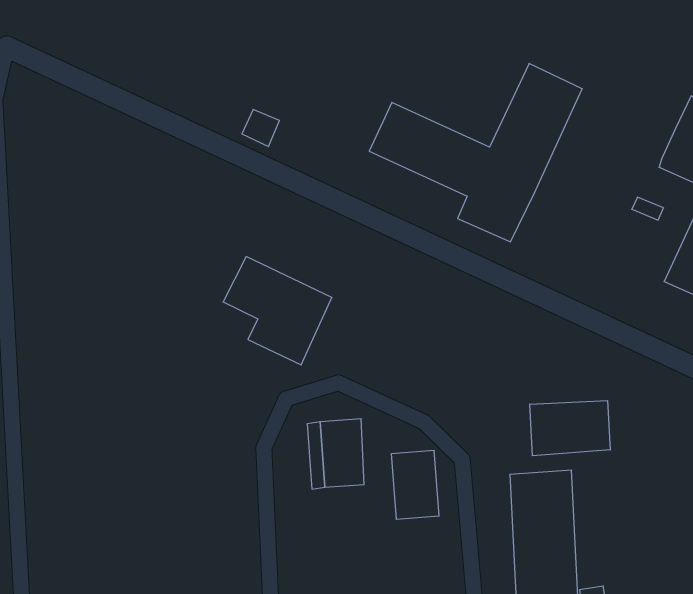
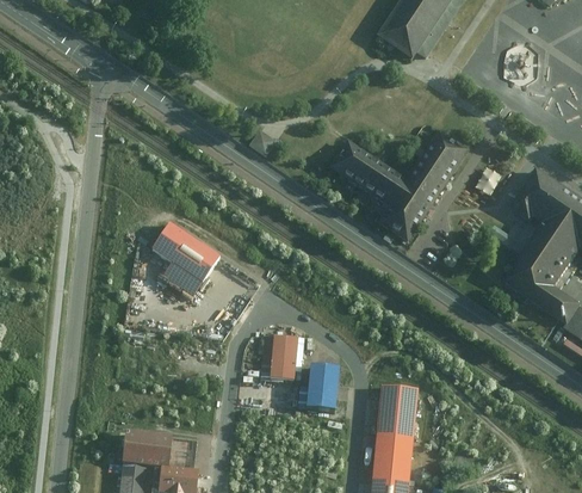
building: [223,257,332,365] -> [148,223,217,297]
building: [530,401,610,456] -> none

